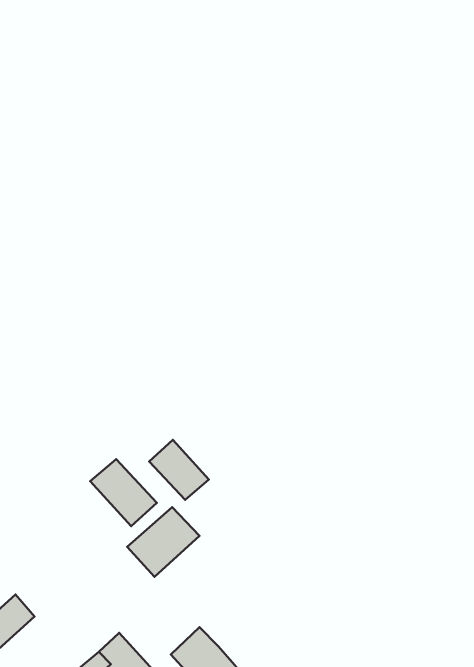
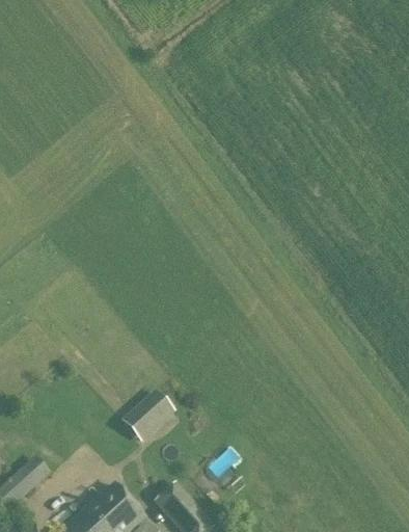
building: [149,440,209,500] -> none
building: [90,459,157,526] -> none

